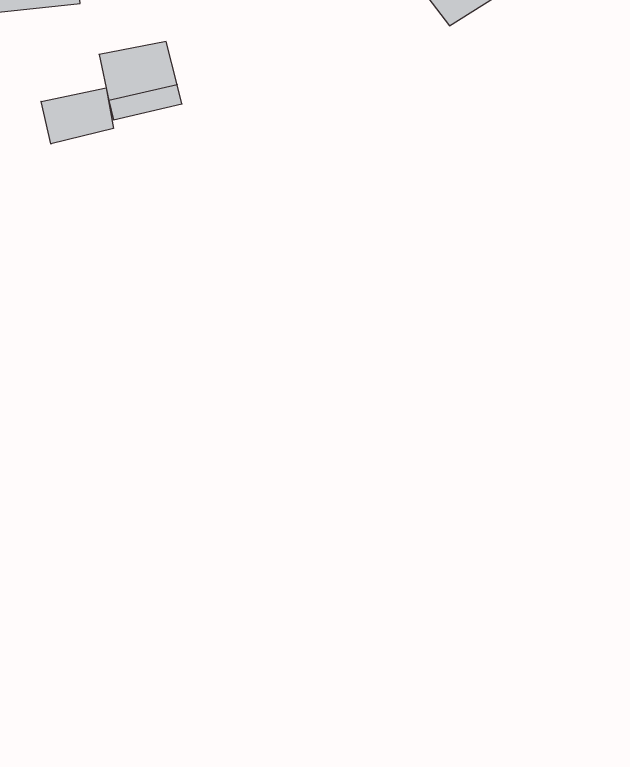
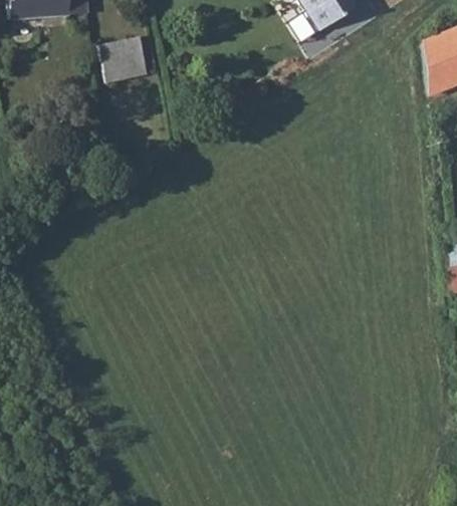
building: [41,88,113,144] -> none

